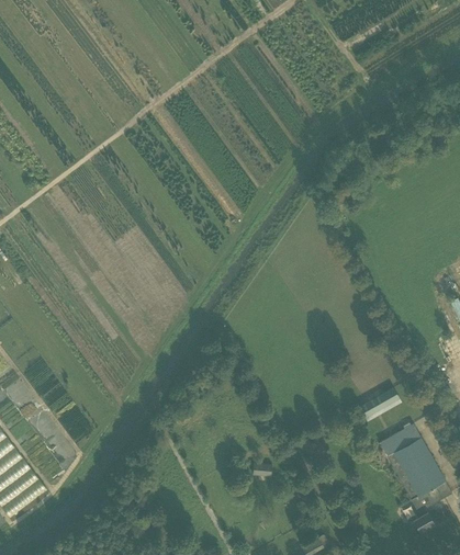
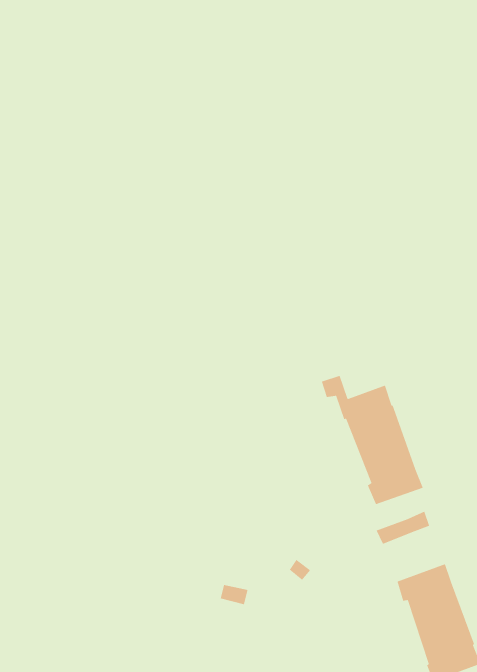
building: none -> [321,375,424,505]

